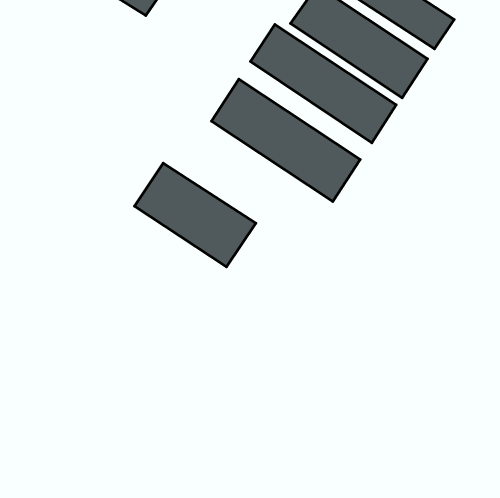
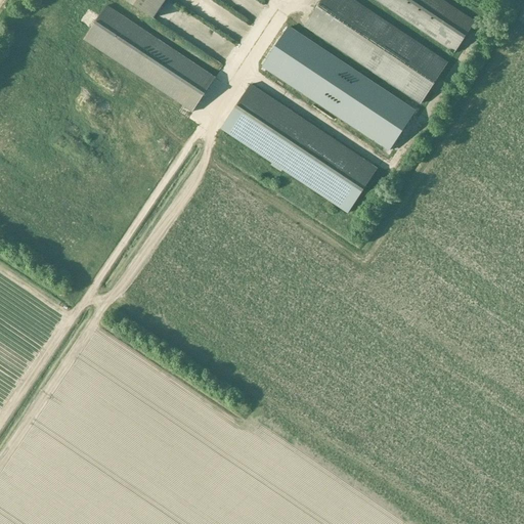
building: none -> [84,4,215,111]
building: [135,163,256,267] -> none

